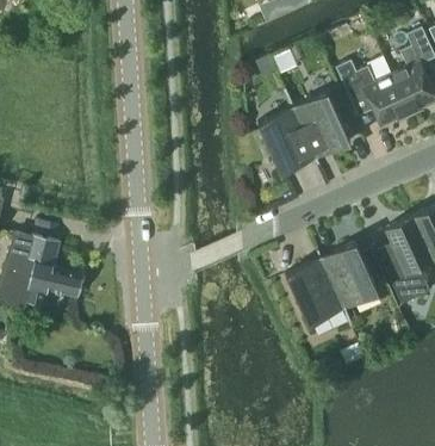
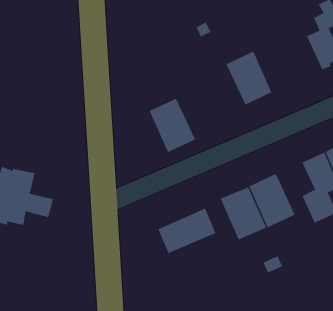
building: [335,60,410,126] -> none
building: [257,91,318,174] -> [149,85,198,153]
building: none -> [152,201,221,254]

